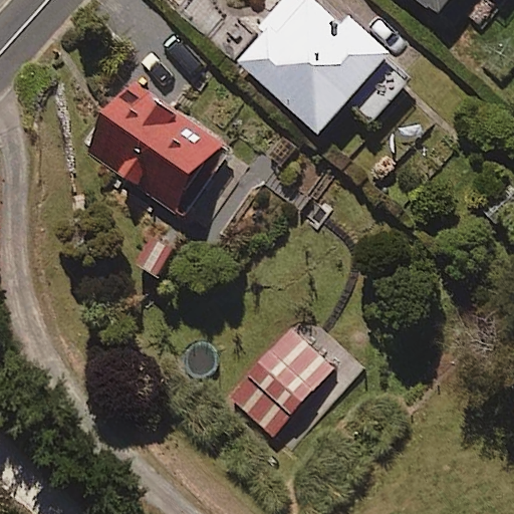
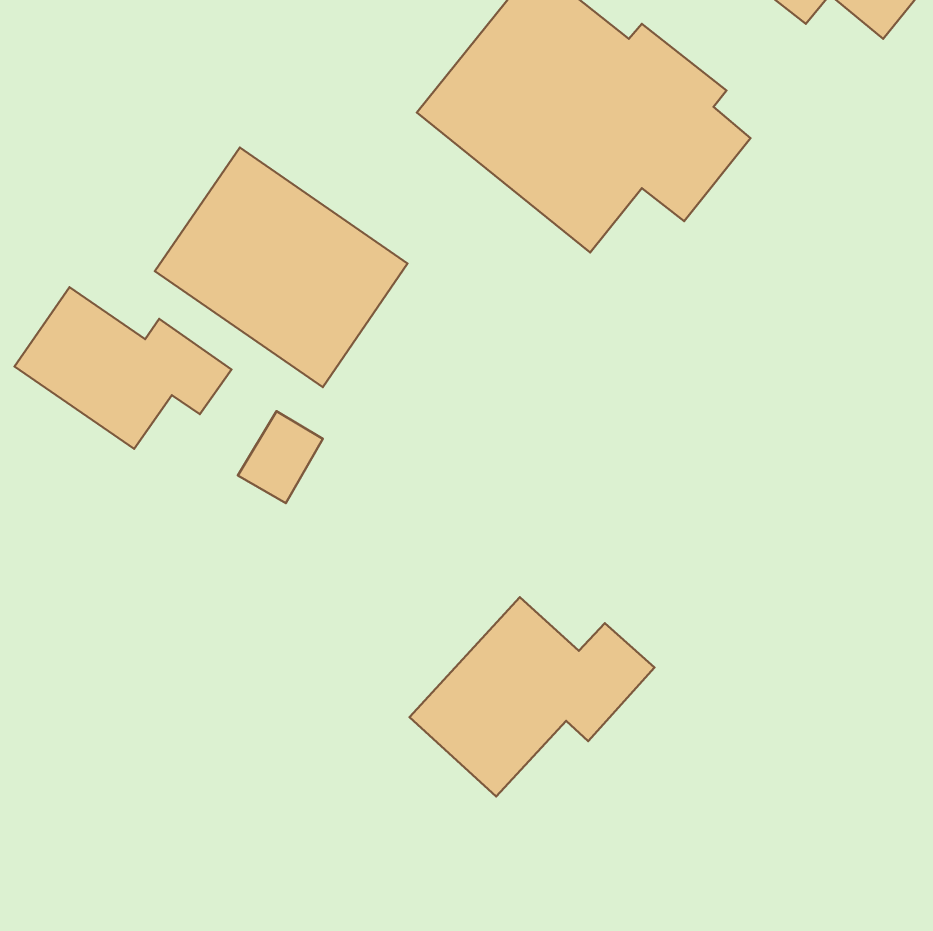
building: none -> [14,287,232,449]

